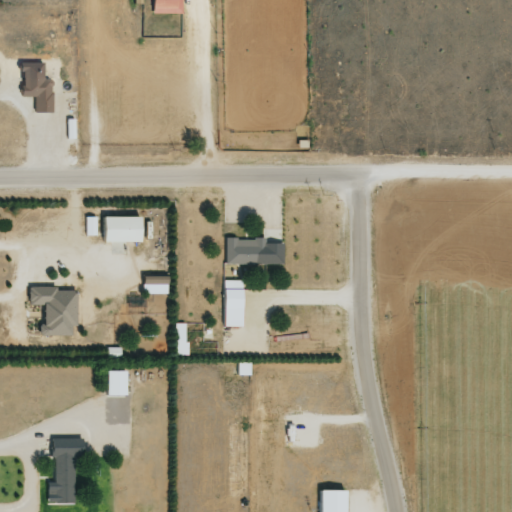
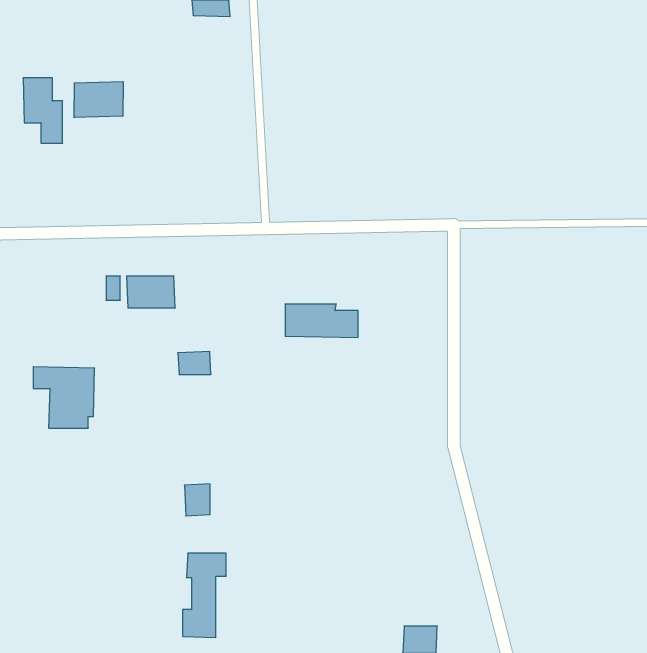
building: none -> [74,82,123,118]
building: [226,280,244,326] -> none
building: [108,370,128,395] -> [184,484,210,516]
building: [49,438,83,504] -> [183,553,226,638]

